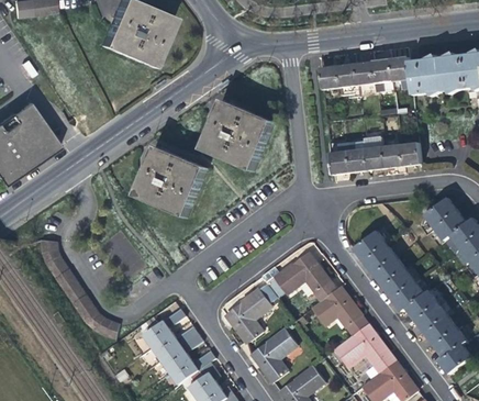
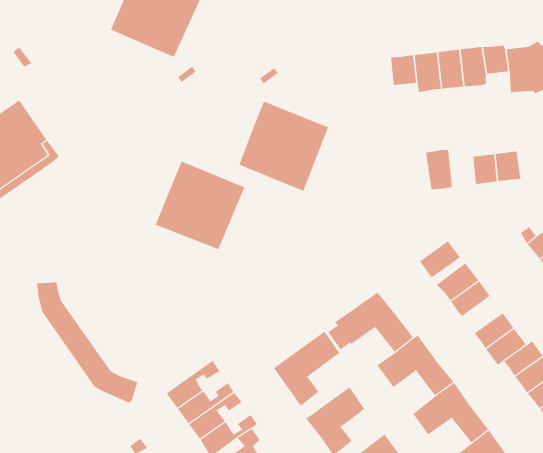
building: [366,136,387,170] -> none
building: [328,143,352,175] -> none
building: [376,256,409,286] -> [419,241,461,278]

